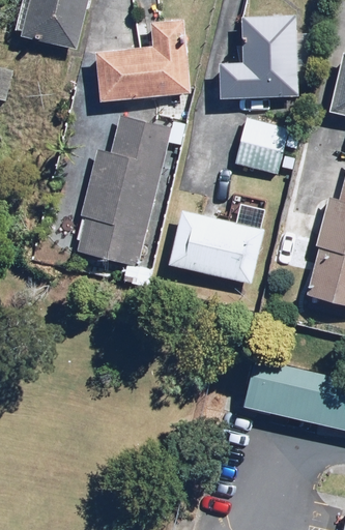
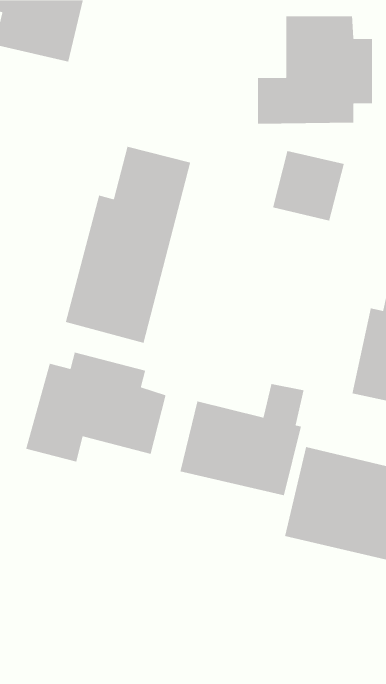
building: [96,18,191,98] -> none
building: [170,197,266,284] -> [180,383,305,496]
building: none -> [25,351,167,462]

